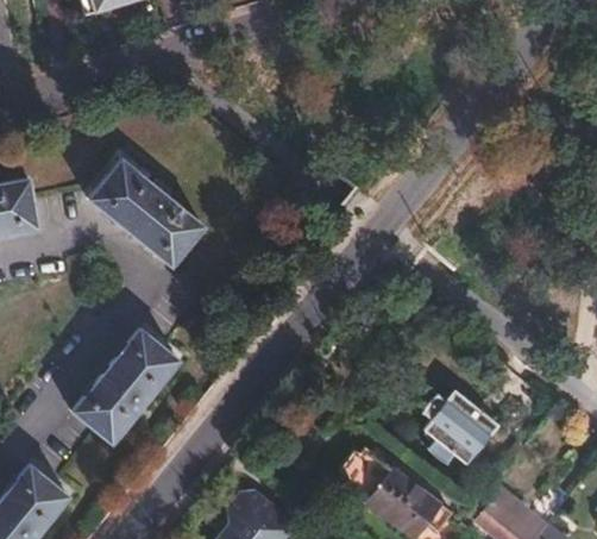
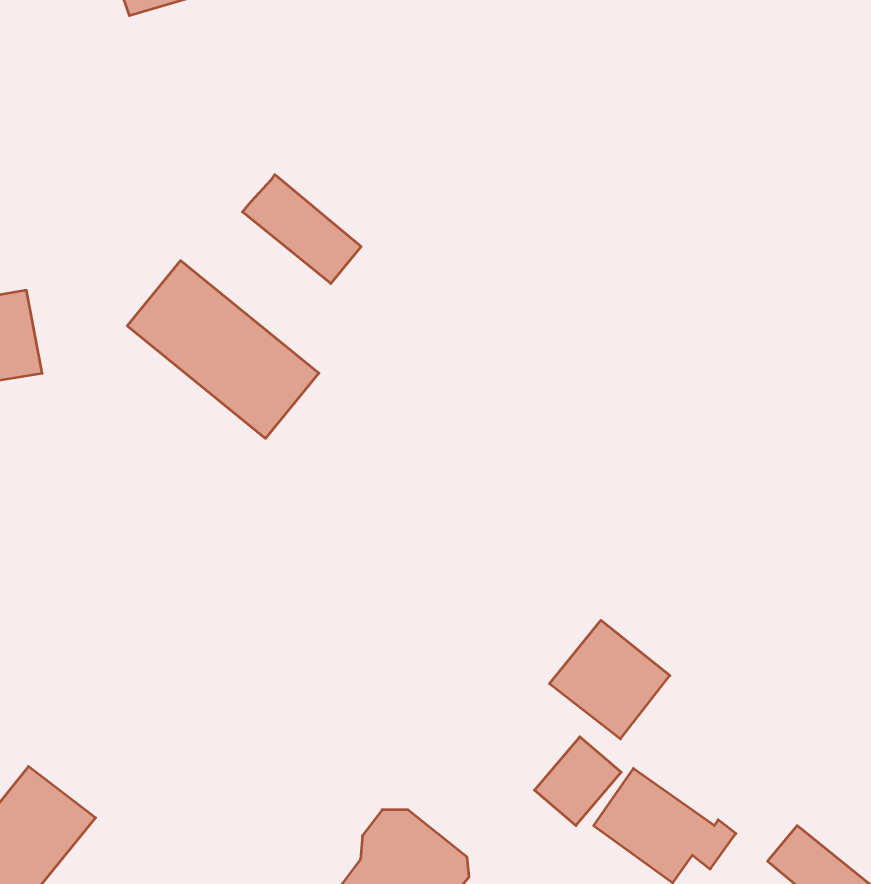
building: none -> [242,175,361,284]
building: [74,330,178,444] -> none
building: [423,393,496,464] -> [549,620,670,739]

